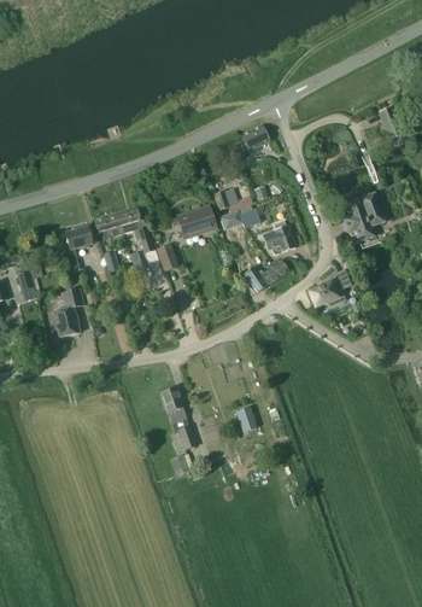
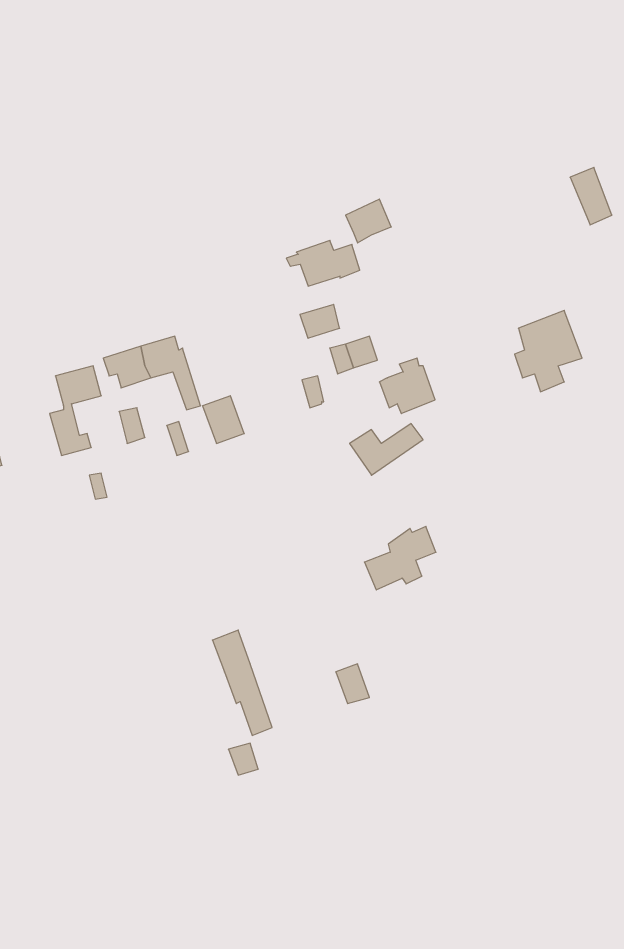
building: [171,209,216,237] -> [286,240,360,286]
building: [307,269,351,308] -> [364,526,436,590]
building: [53,287,84,337] -> none

